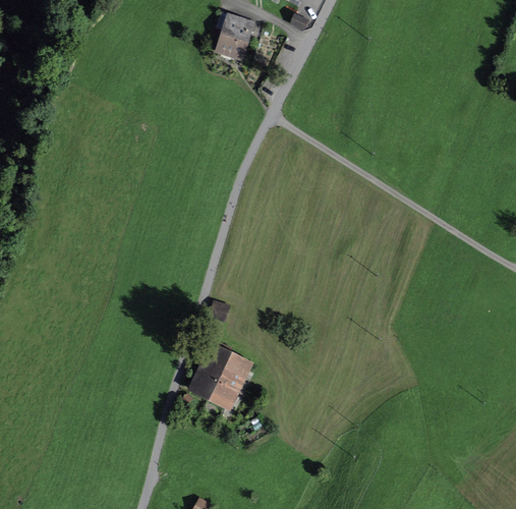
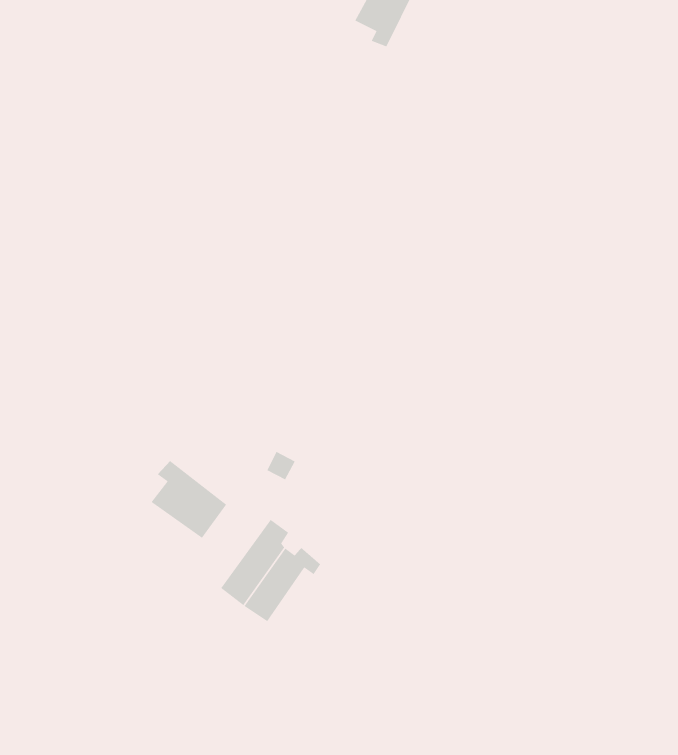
building: none -> [151,460,227,539]

